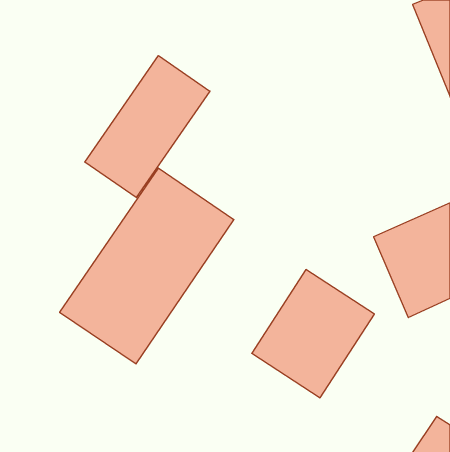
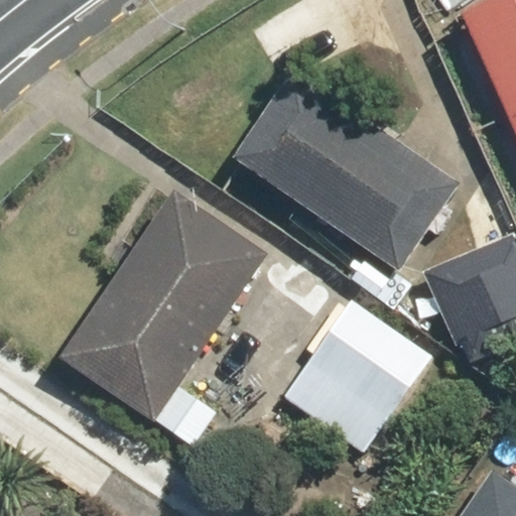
building: [85,56,210,198] -> none
building: none -> [245,82,452,263]

